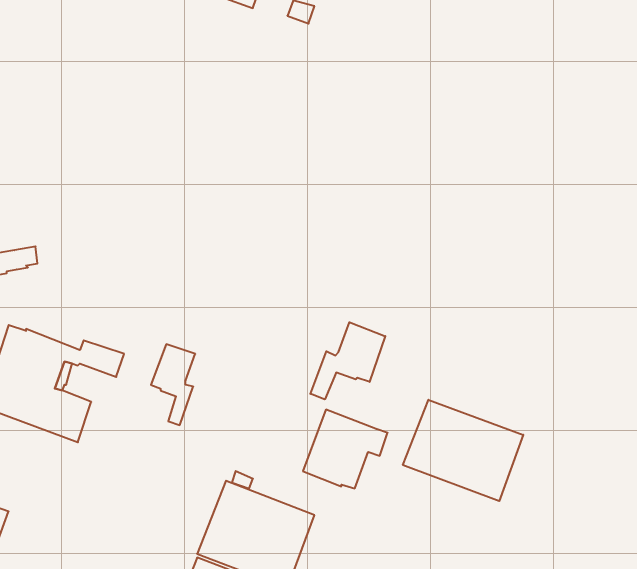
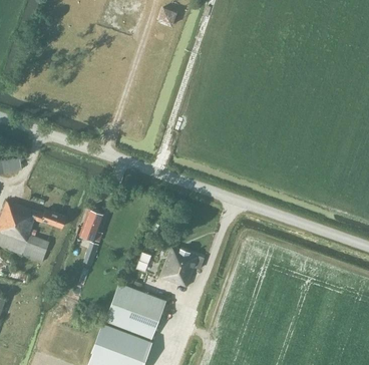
building: [310,322,385,399] -> none
building: [403,400,523,501] -> none

